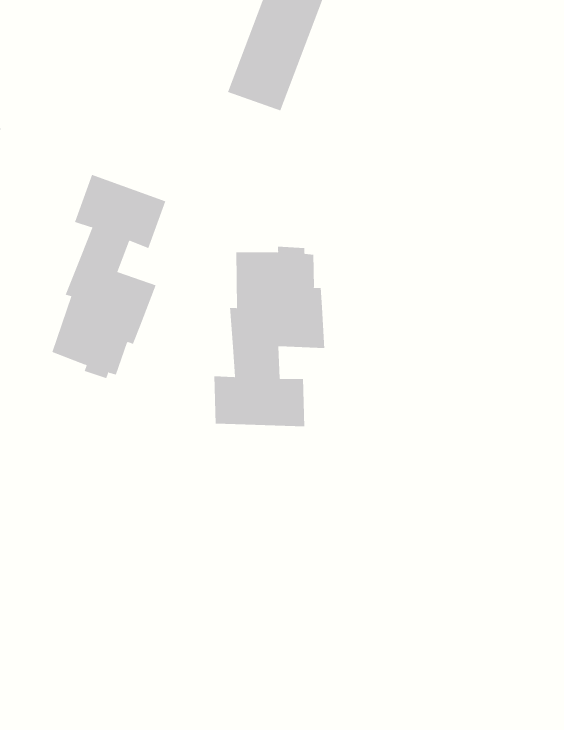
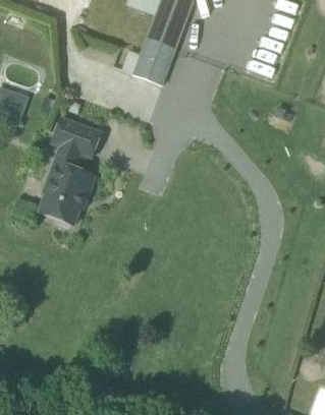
building: [214,246,325,427] -> none

